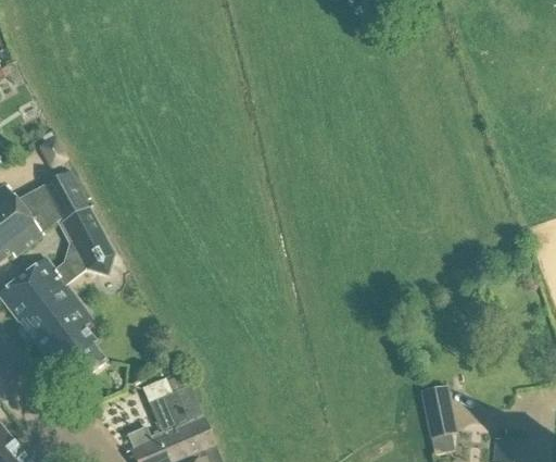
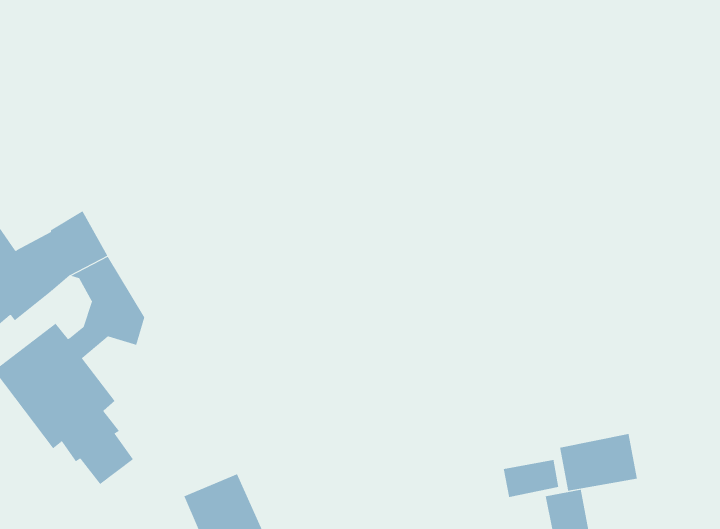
building: none -> [559,433,638,492]
building: none -> [503,459,559,498]

